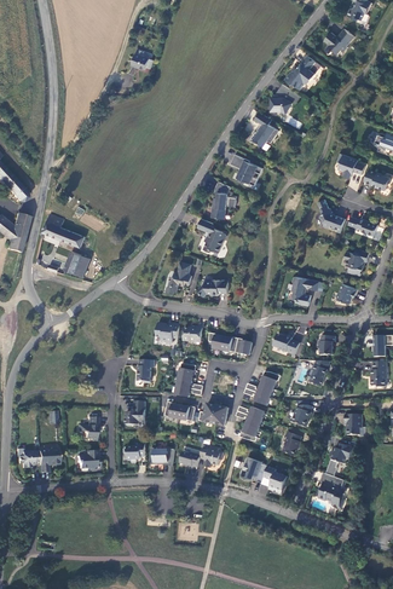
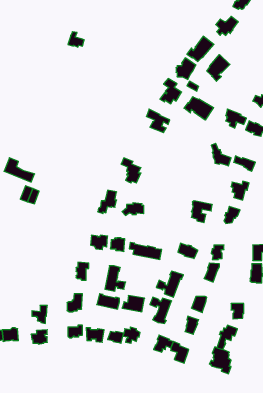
building: none -> [207,55,230,81]
building: none -> [184,97,214,120]
building: [210,180,236,218] -> none

